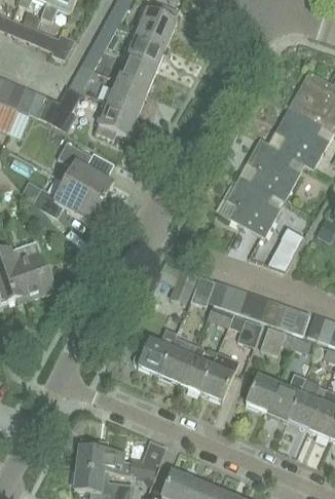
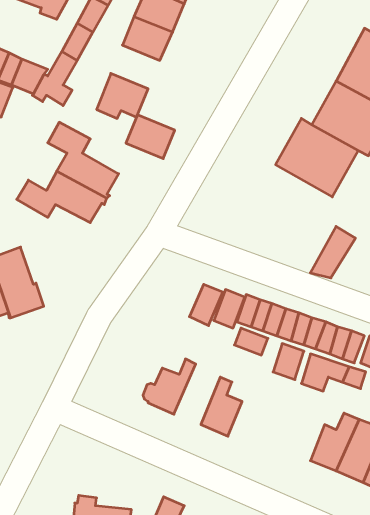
building: [107,80,146,115] -> [126,115,175,159]
building: [219,176,284,237] -> none
building: [157,337,194,383] -> none
building: [200,352,237,401] -> none
building: [245,374,277,412] -> none

